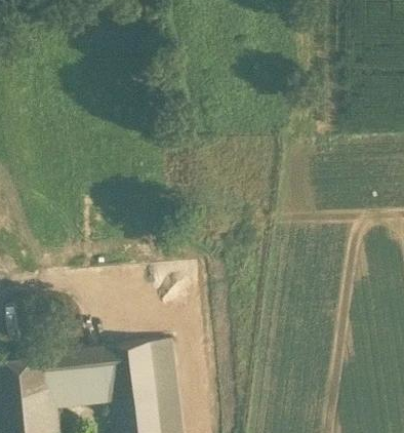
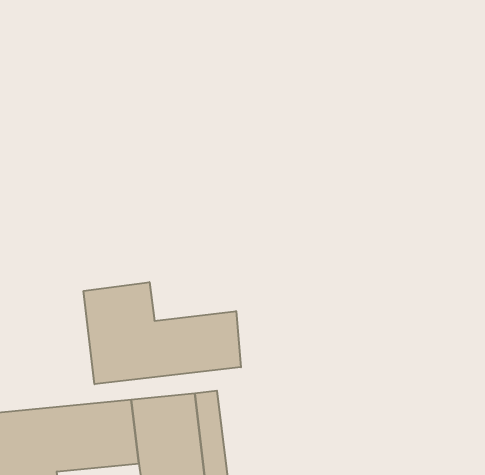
building: none -> [84,282,241,384]

